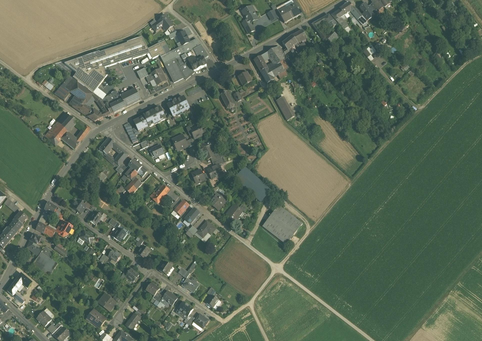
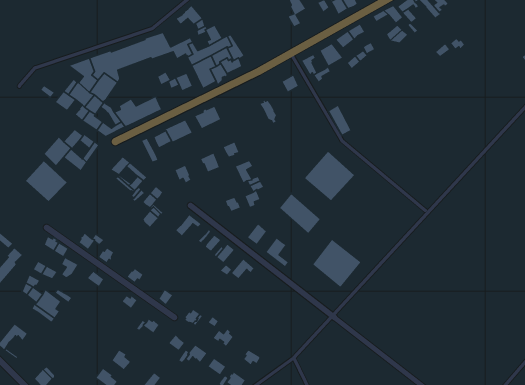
building: none -> [304,151,355,201]
building: none -> [25,160,67,202]

